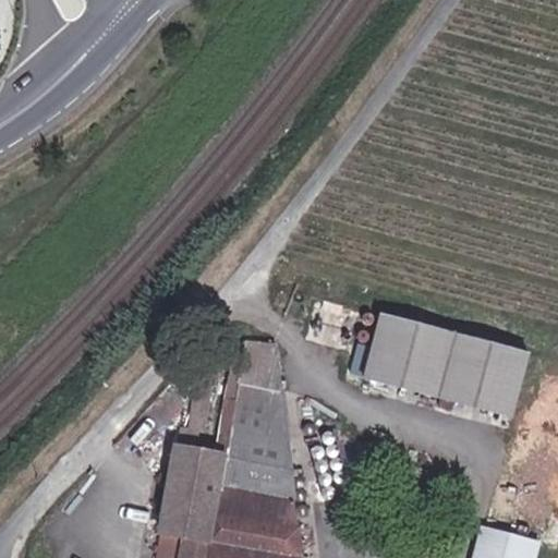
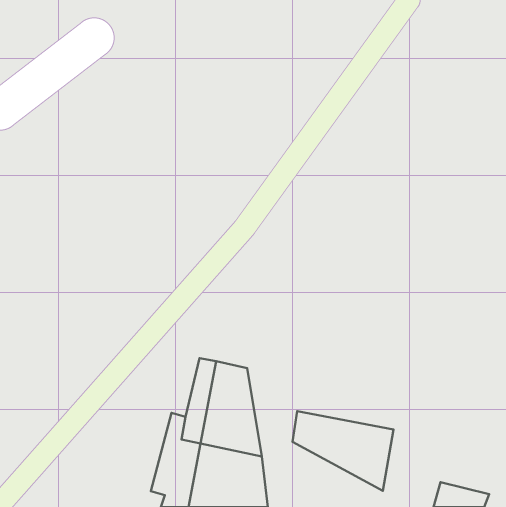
building: [366,315,529,413] -> none
building: none -> [292,411,394,491]

